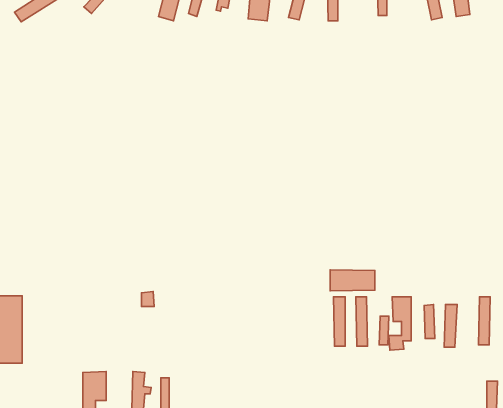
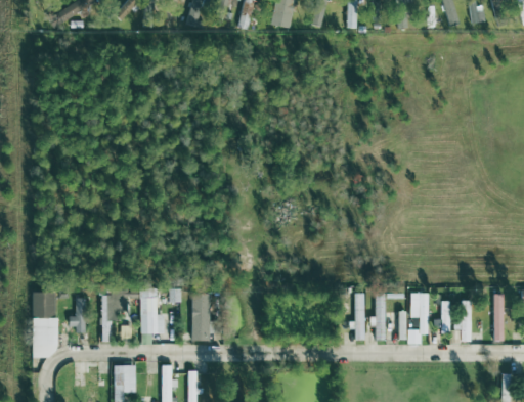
building: [330,270,375,291] -> none
building: none -> [100,287,164,341]
building: none -> [191,293,211,341]
building: none -> [69,297,86,332]

